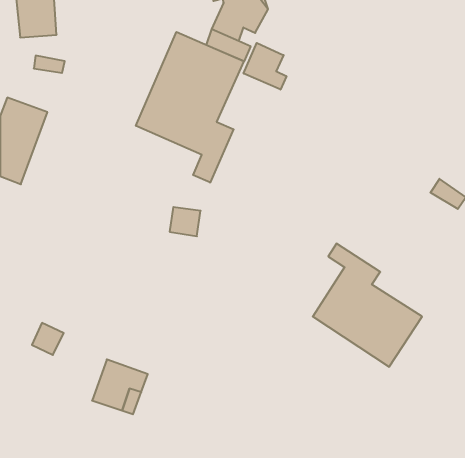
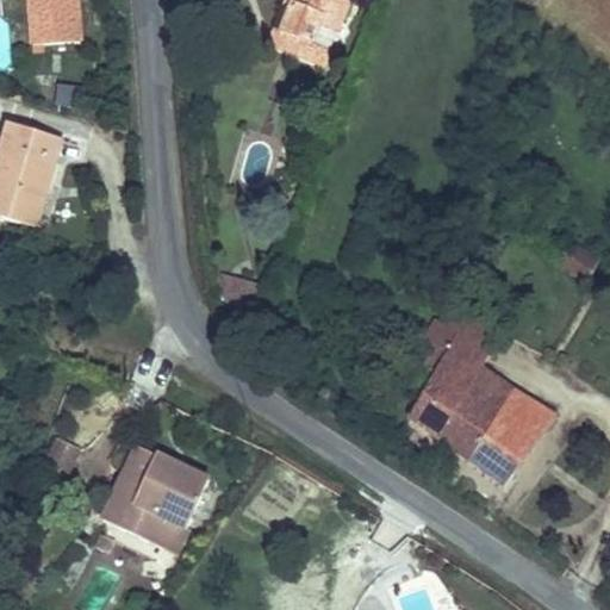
building: [136,32,244,183] -> none
building: [244,43,286,90] -> none
building: none -> [99,436,203,523]

